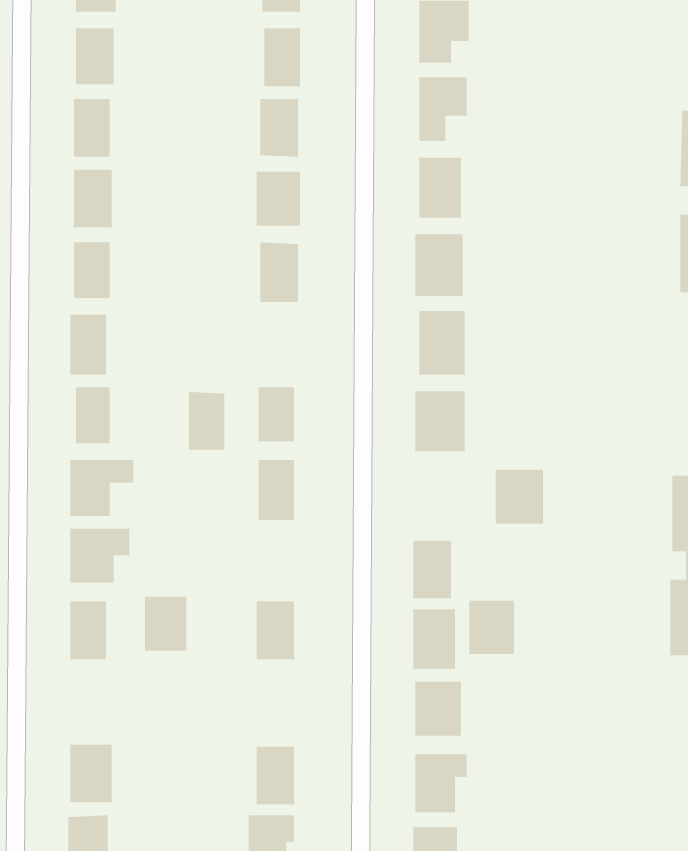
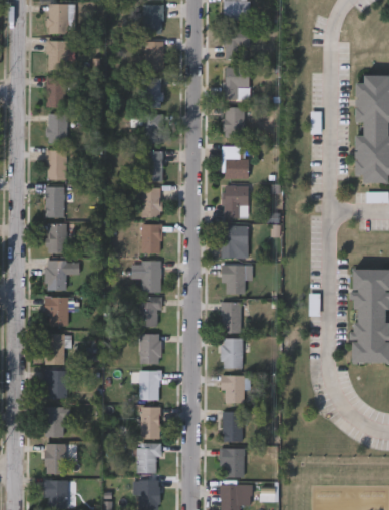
building: [188,391,225,450] -> [141,187,160,217]
building: [495,469,544,524] -> [221,266,246,294]
building: none -> [138,297,159,327]
building: [144,596,187,651] -> [45,370,67,398]
building: [469,600,515,655] -> none
building: none -> [138,371,160,400]

